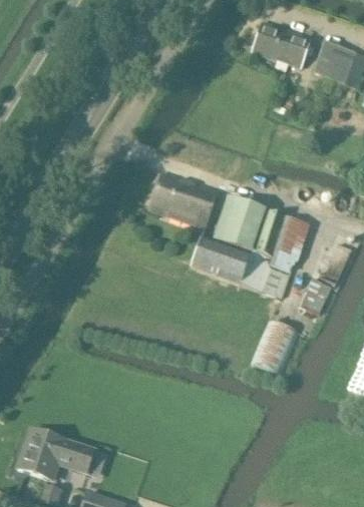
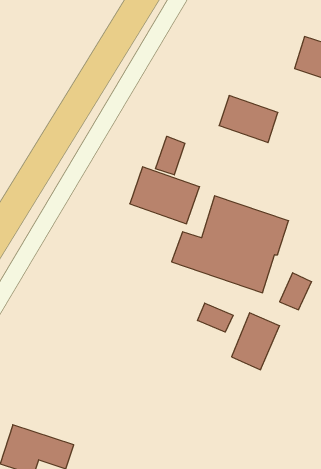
building: [252,21,311,68] -> [219,96,278,143]
building: none -> [155,136,185,175]
building: none -> [198,303,233,332]

